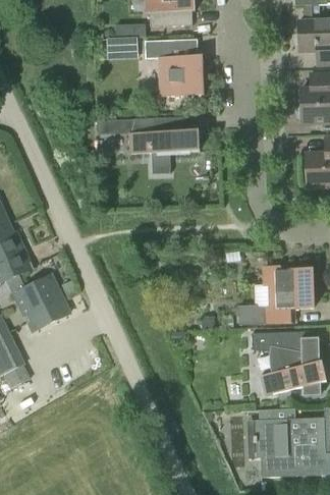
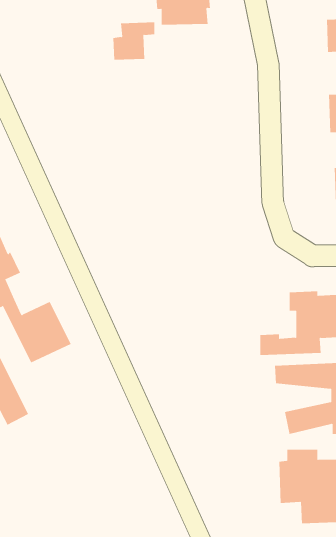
building: [145,40,204,97] -> none
building: [97,118,200,173] -> none

